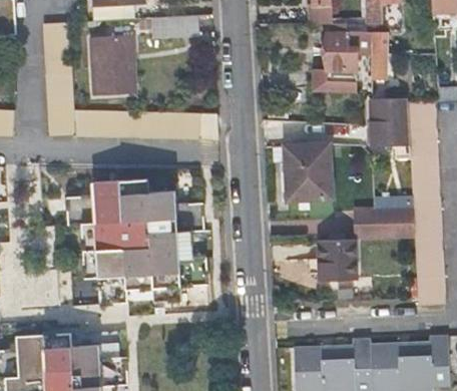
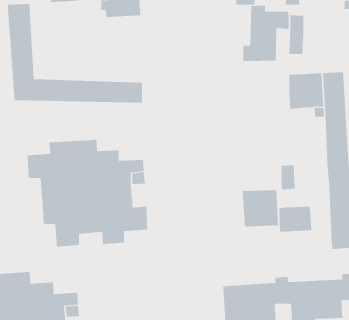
building: [91,35,137,94] -> none
building: [285,145,331,201] -> none
building: [376,207,415,237] -> [278,206,312,232]

